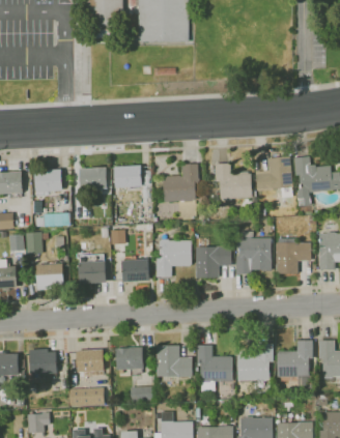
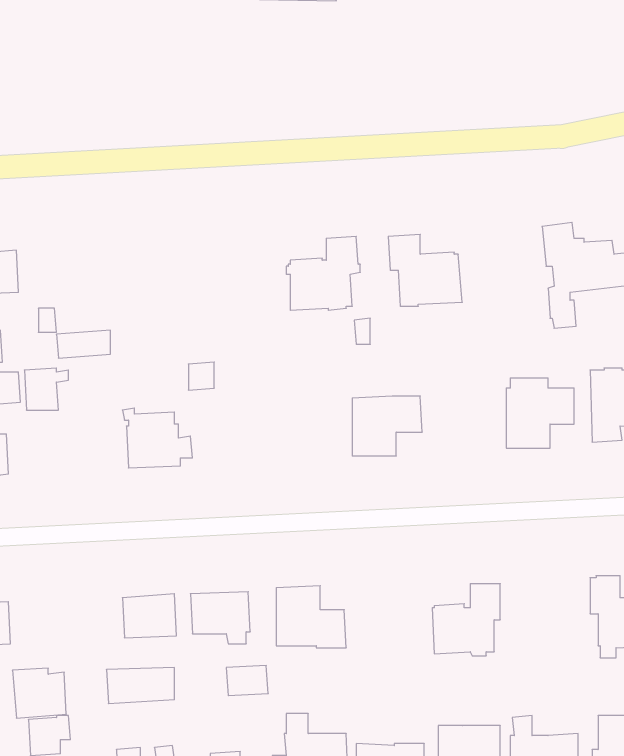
building: [255,155,292,198] -> none
building: [114,165,141,187] -> none
building: [79,167,106,189] -> none
building: [34,169,61,195] -> none
building: [235,231,271,274] -> none
building: [155,239,191,278] -> none
building: [120,256,148,284] -> none
building: [35,263,63,290] -> none
building: [276,340,313,390] -> none
building: [196,345,232,391] -> none
building: [28,349,56,375] -> [12,668,66,718]

